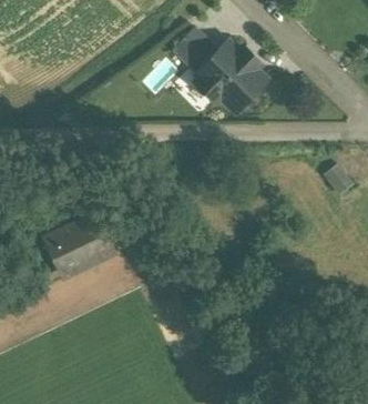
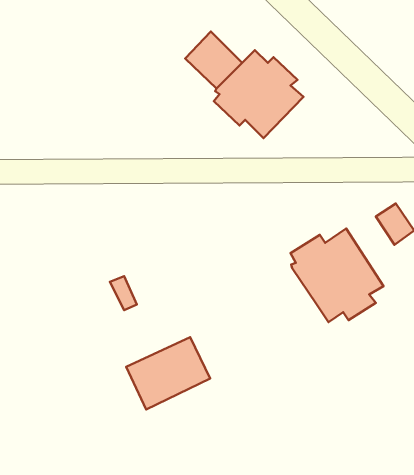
building: none -> [291,229,383,322]
building: [47,214,112,271] -> [126,337,210,410]

